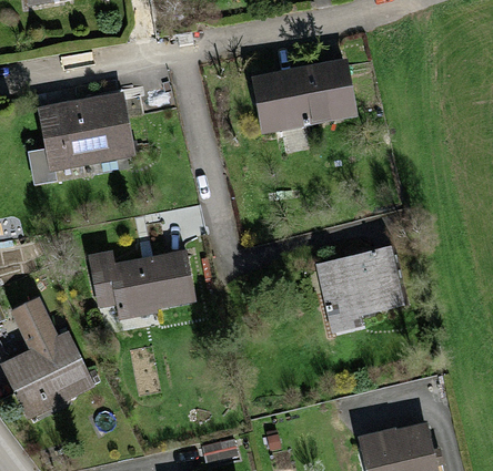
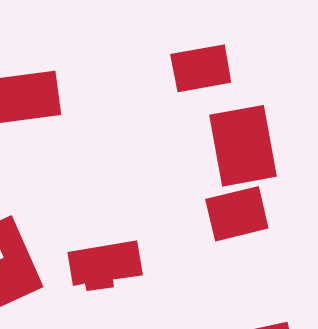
building: none -> [209,104,278,187]
building: [88,250,189,318] -> [66,240,144,292]

